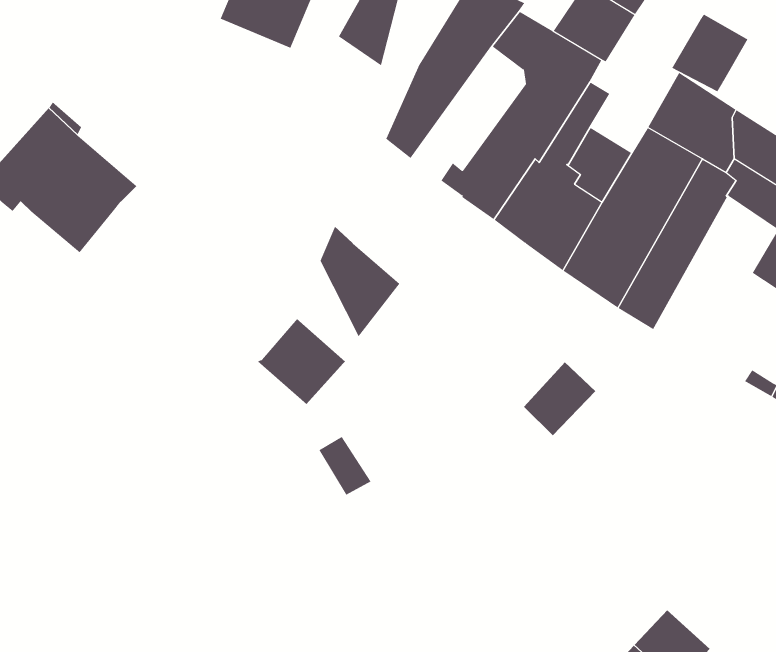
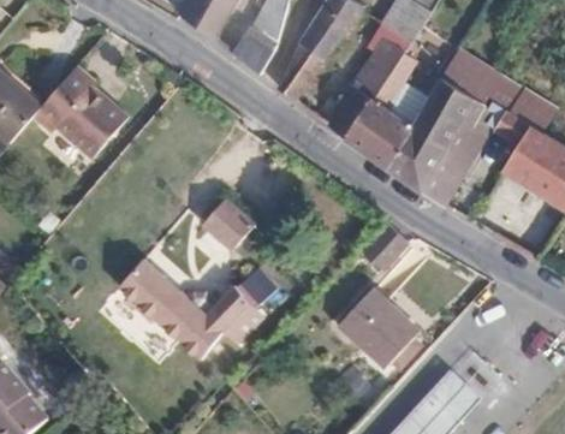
building: [671,14,748,92] -> none
building: none -> [232,25,276,73]
building: [320,226,400,337] -> none
building: none -> [119,258,249,359]
building: none -> [338,287,421,368]

